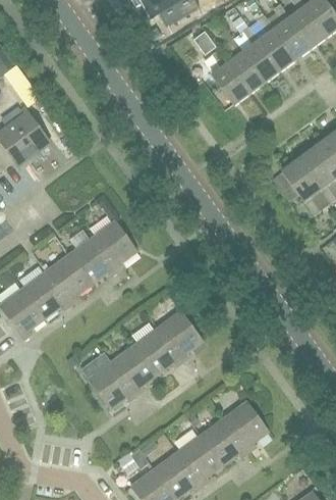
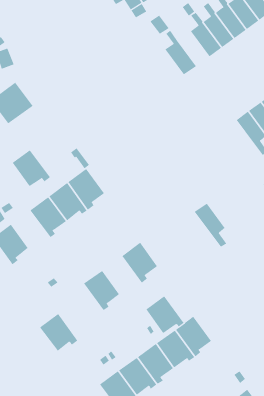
building: [222,33,265,94] -> none
building: [281,160,322,215] -> [194,203,227,248]
building: [21,271,69,317] -> [12,150,51,187]
building: [133,328,181,374] -> [145,296,184,334]
building: [87,361,134,408] -> [39,313,78,351]

